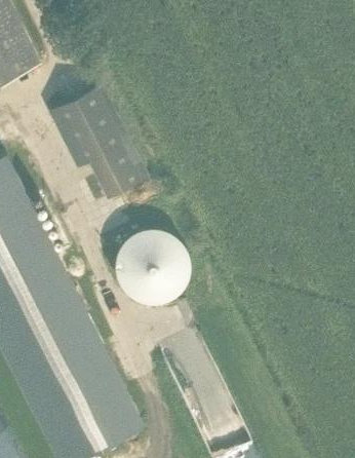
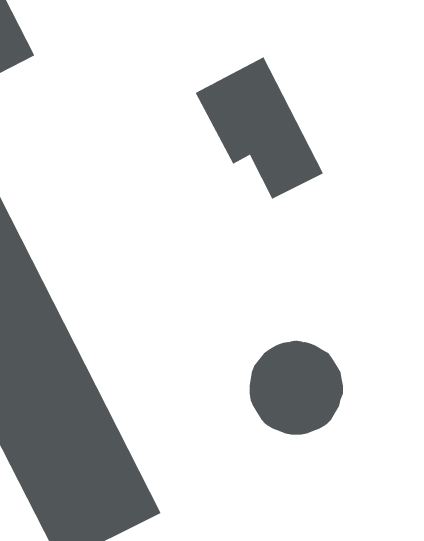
building: [49,82,151,195] -> [195,57,324,200]
building: [117,227,192,302] -> [249,340,344,435]

